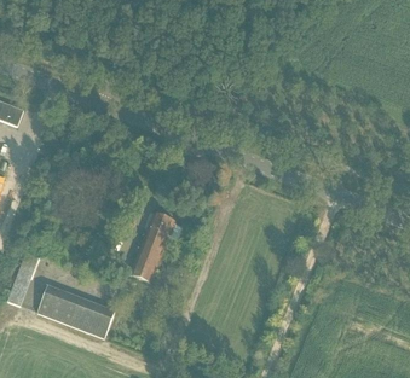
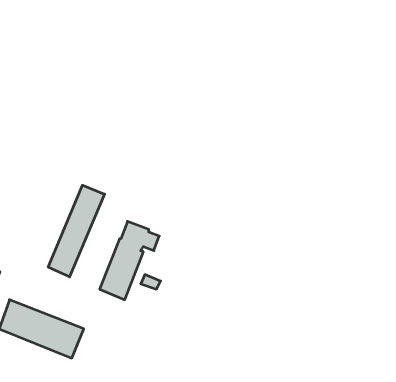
building: none -> [48,185,105,277]

